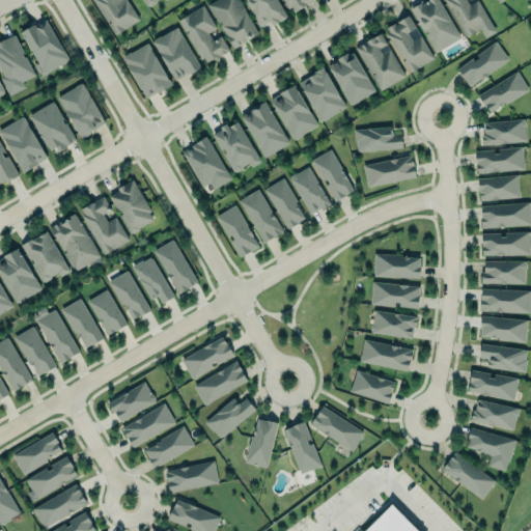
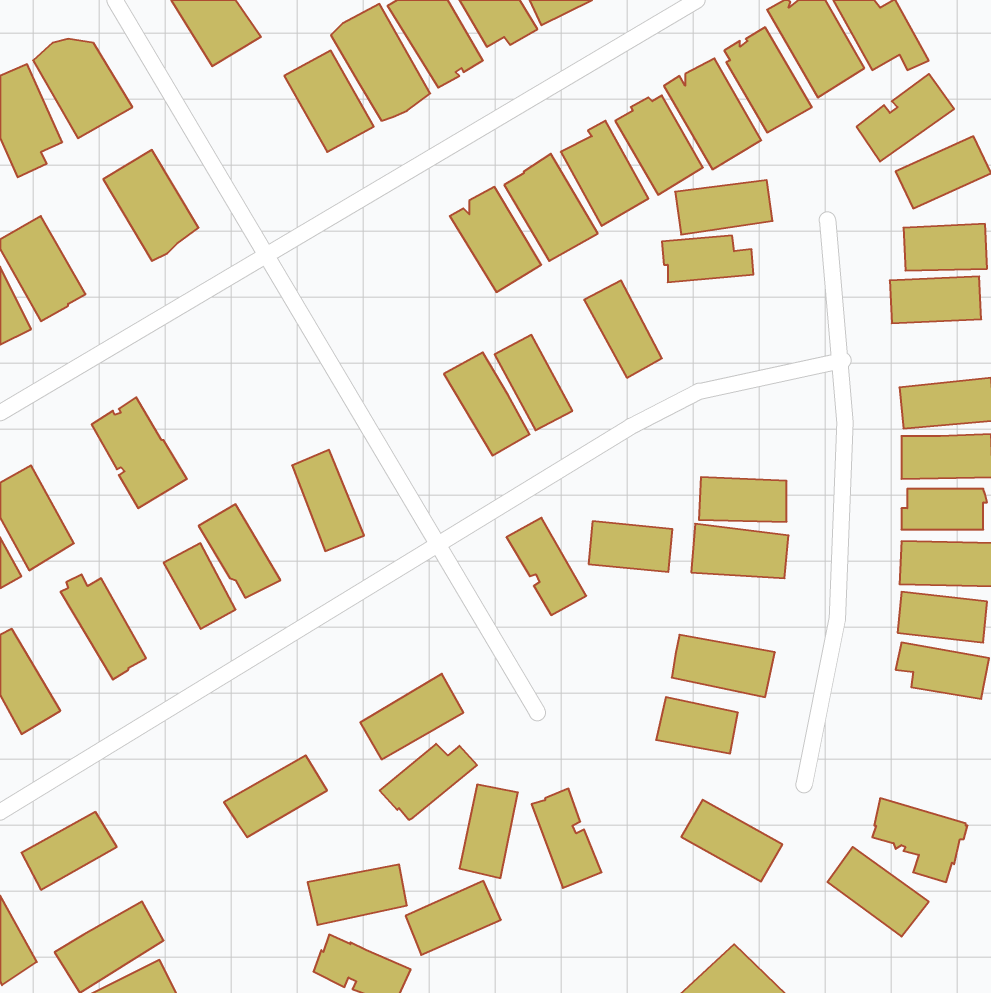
building: [121,40,175,97] -> none
building: [30,102,77,155] -> none
building: [213,121,262,172] -> none
building: [178,133,234,191] -> none
building: [365,158,417,187] -> [675,180,773,235]
building: [289,166,332,215] -> none
building: [478,174,521,201] -> none
building: [110,179,155,233] -> none
building: [81,197,131,255] -> none
building: [217,205,259,257] -> [506,518,586,615]
building: [22,231,71,281] -> none
building: [133,257,175,303] -> none
building: [64,299,102,350] -> none
building: [372,312,417,339] -> [589,521,672,572]
building: [18,327,55,378] -> none
building: [183,337,235,380] -> none
building: [469,370,519,400] -> none
building: [107,382,156,421] -> none
building: [472,400,520,431] -> none
building: [311,408,365,451] -> [681,800,782,882]
building: [145,428,196,468] -> [406,881,501,955]
building: [27,458,79,498] -> none

